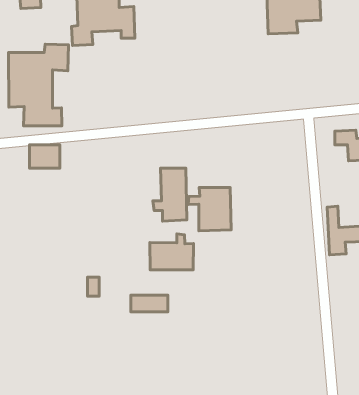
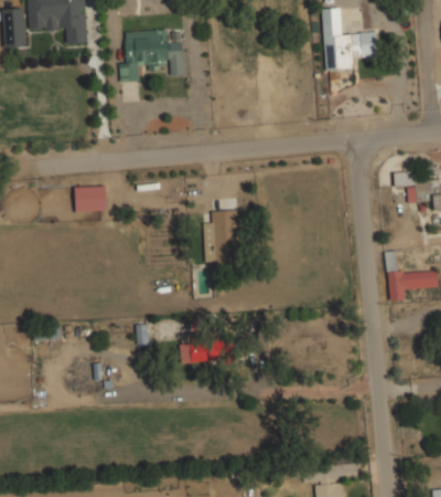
building: [8,44,68,126] -> none
building: [188,187,231,231] -> none
building: [150,234,193,270] -> none

